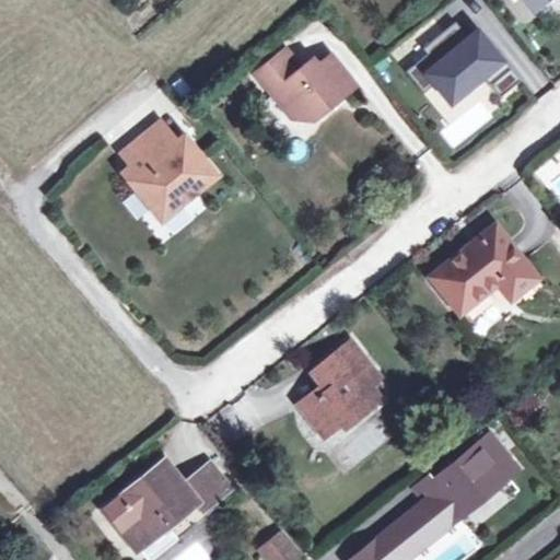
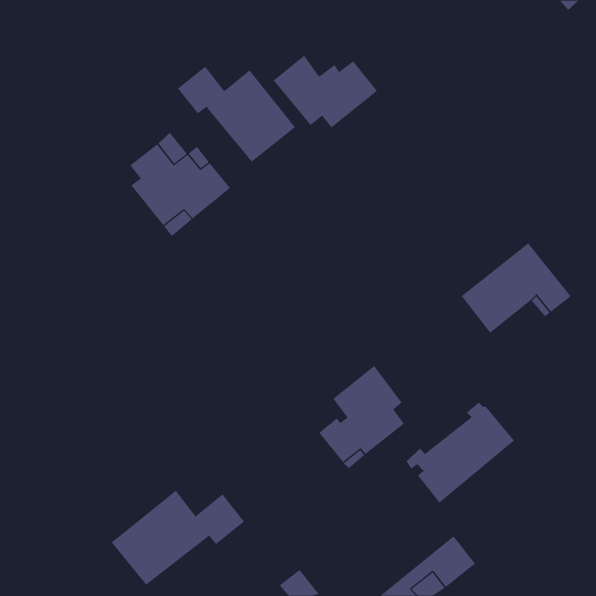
building: [406,22,521,101] -> none
building: none -> [177,66,296,162]
building: [415,433,517,528] -> [405,402,515,503]

